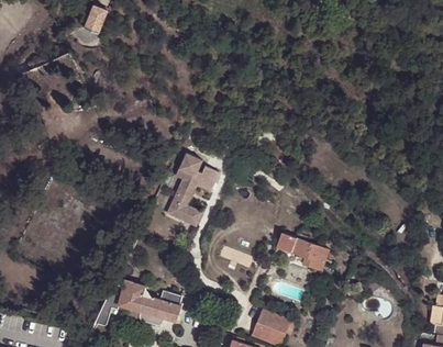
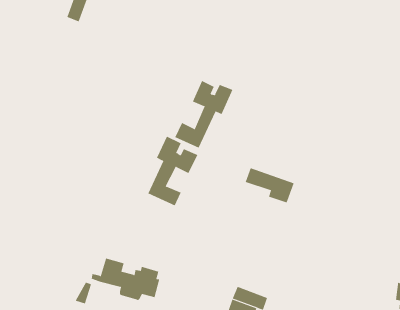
building: none -> [175,80,233,149]
building: [276,232,328,269] -> [245,167,294,203]

